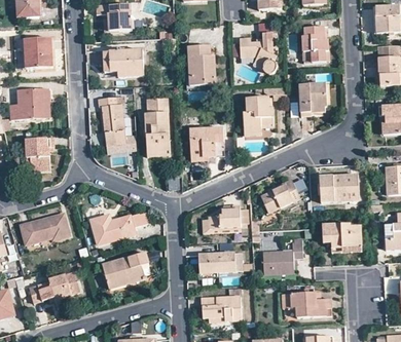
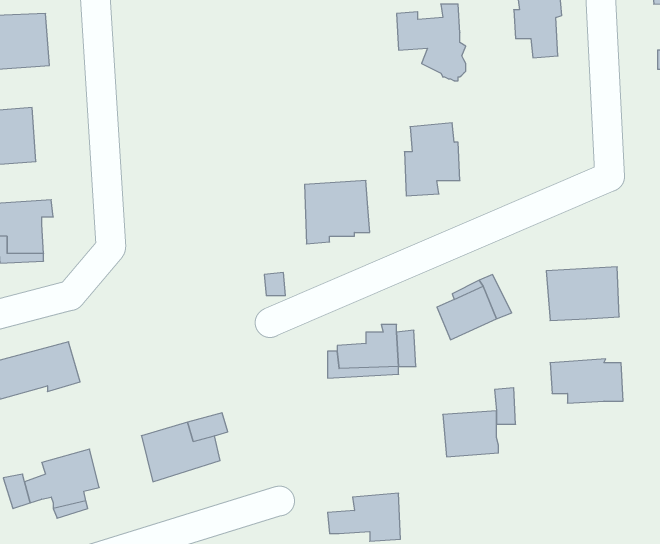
building: [187,45,215,84] -> none
building: [109,49,143,77] -> none
building: [299,84,326,113] -> none
building: [98,96,125,145] -> none
building: [145,98,169,150] -> none
building: [90,213,148,243] -> none
building: [197,253,241,272] -> none
building: [286,292,330,317] -> none

